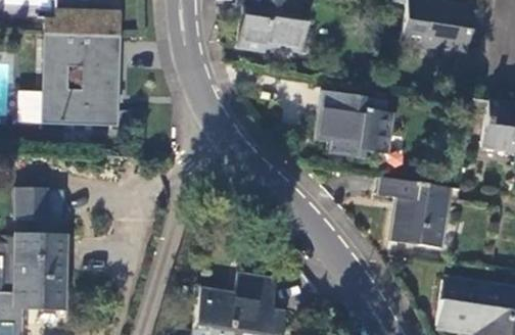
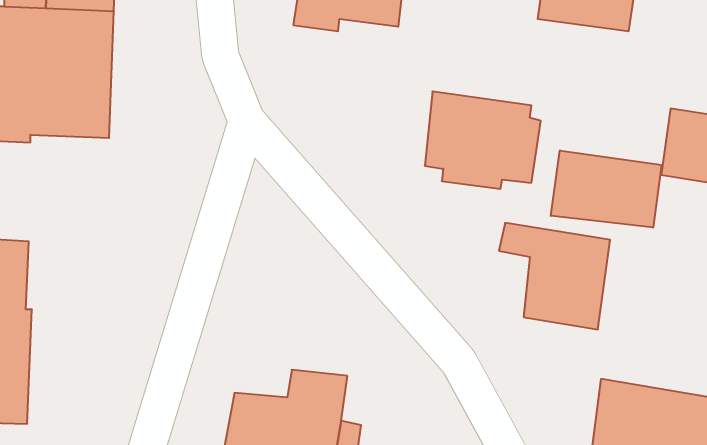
building: none -> [551,150,661,228]

